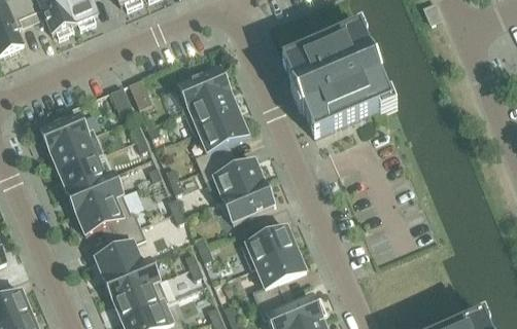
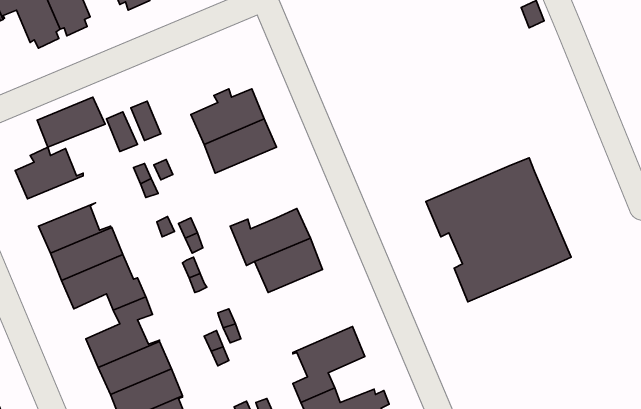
building: [282,27,392,136] -> [426,158,571,302]
building: [193,112,248,152] -> none
building: [50,134,102,172] -> [37,97,105,147]
building: [241,225,301,267] -> none

